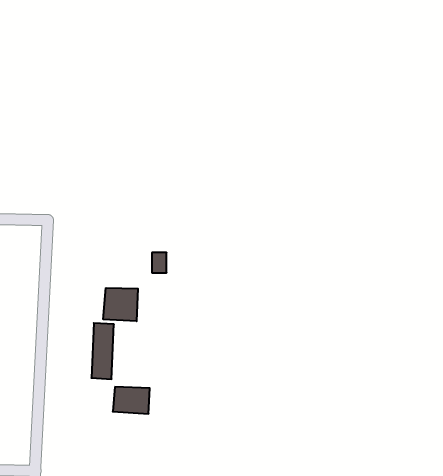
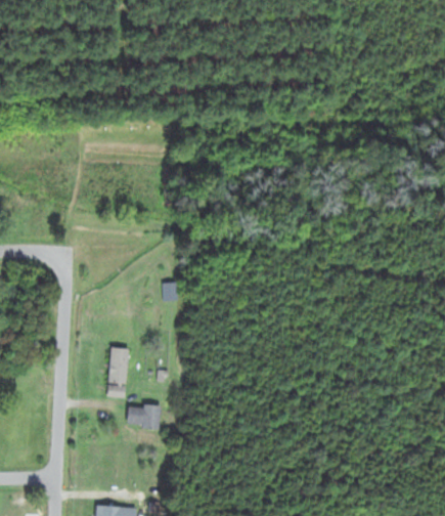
building: [103,288,138,321] -> none

